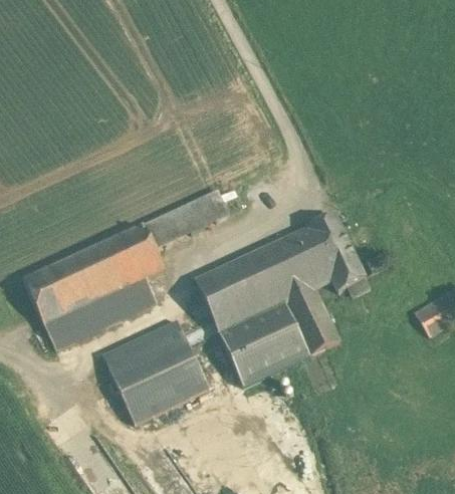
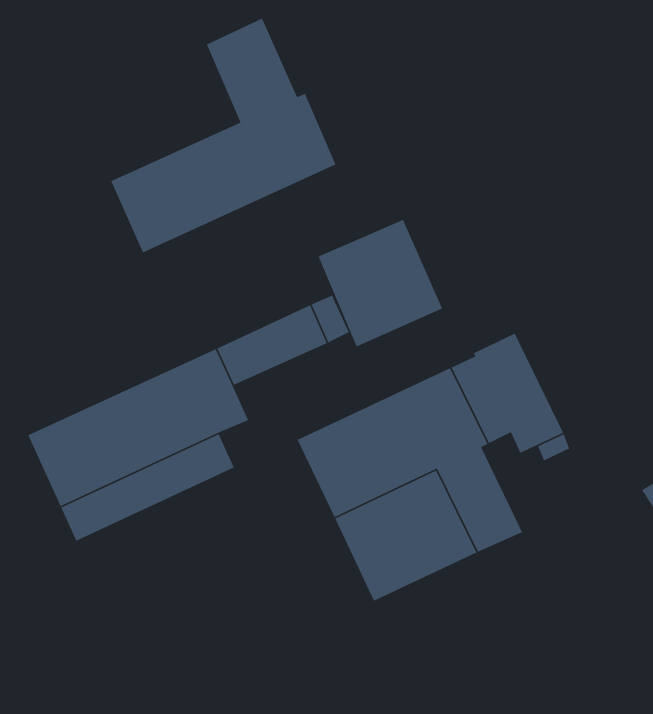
building: none -> [110,17,336,254]
building: none -> [317,219,443,347]
building: [102,320,209,423] -> none

